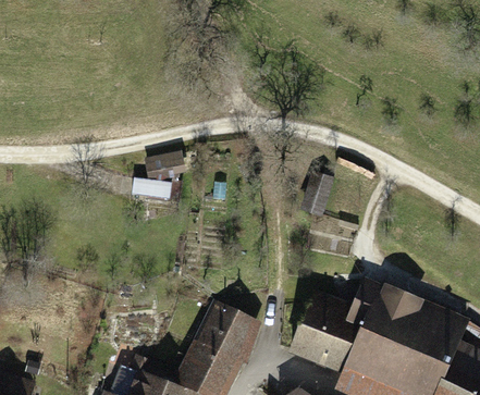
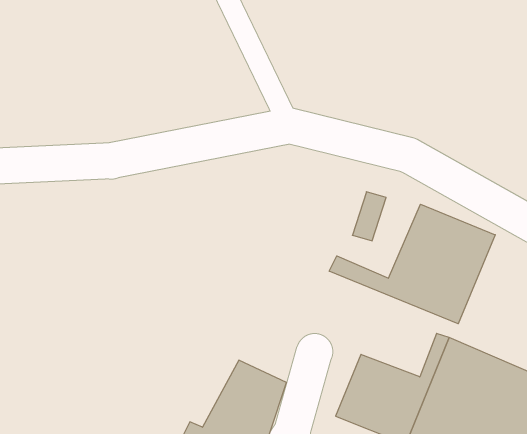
building: [132,151,184,200] -> none
building: none -> [329,204,495,324]

